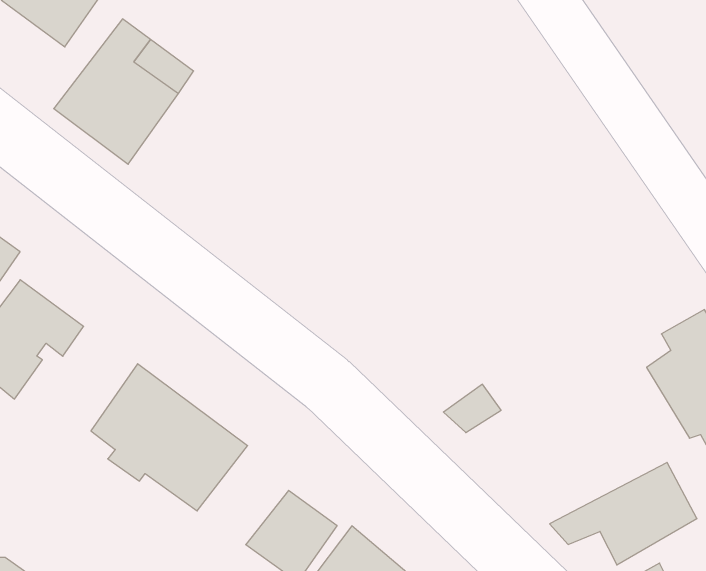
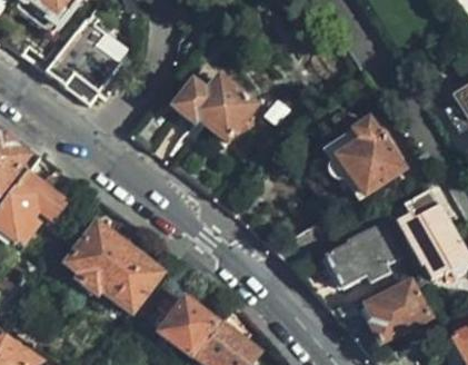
building: none -> [172,77,253,140]
building: none -> [325,117,406,198]
building: none -> [325,224,399,286]

